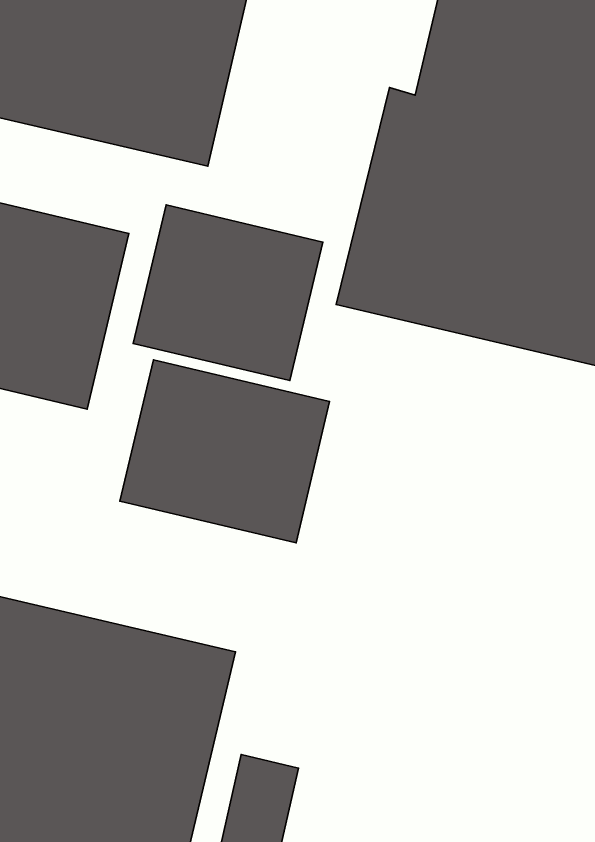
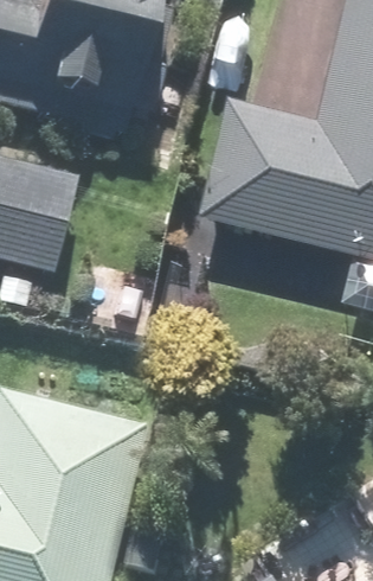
building: [133,205,323,381] -> none
building: [120,360,330,543] -> none

